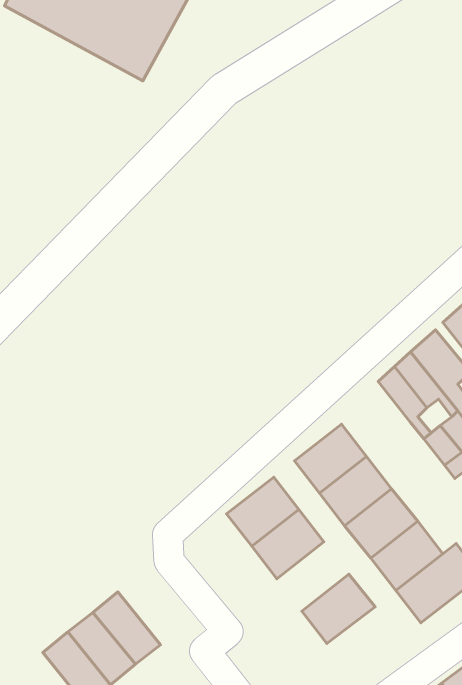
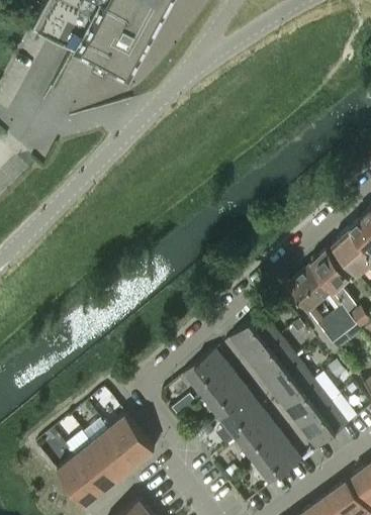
building: none -> [218,394,268,441]
building: none -> [109,414,156,465]
building: none -> [253,438,303,486]

